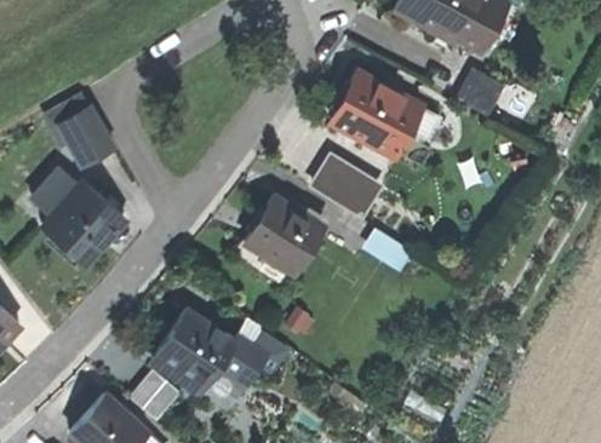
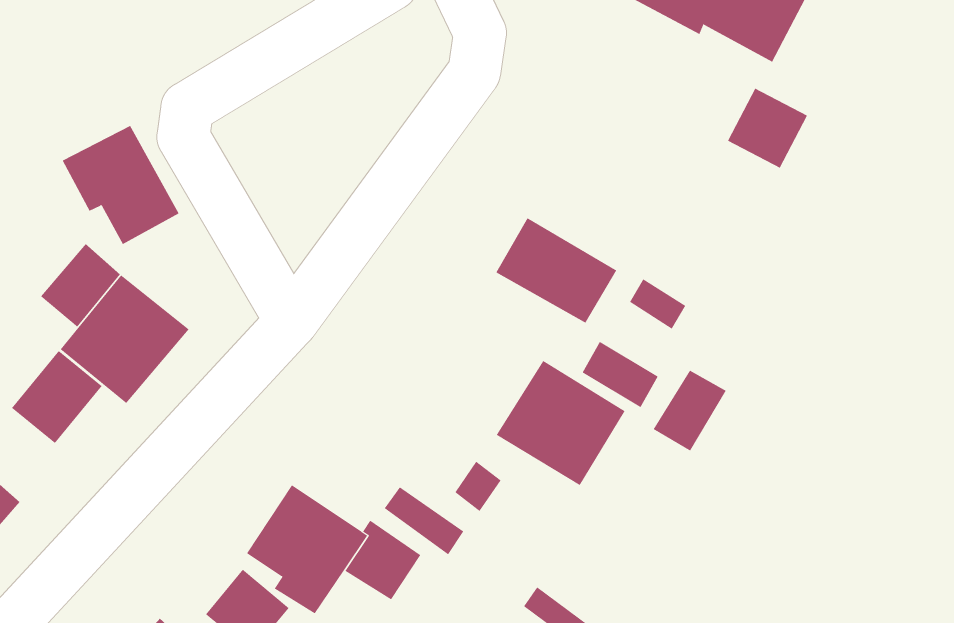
building: [330,75,420,159] -> none
building: [244,200,324,277] -> [496,360,625,486]
building: none -> [11,350,102,444]
building: none -> [653,370,726,452]

